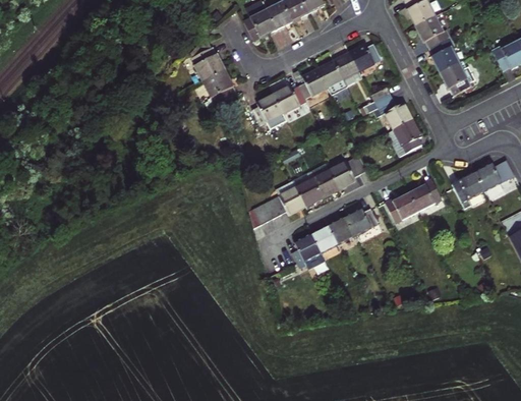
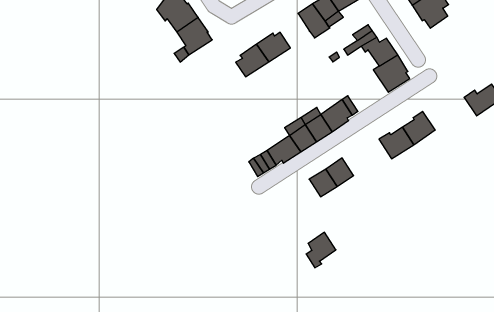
building: [303,69,332,102] -> none
building: [448,169,485,209] -> none
building: [350,206,384,233] -> none
building: [295,232,325,266] -> [306,232,336,268]

